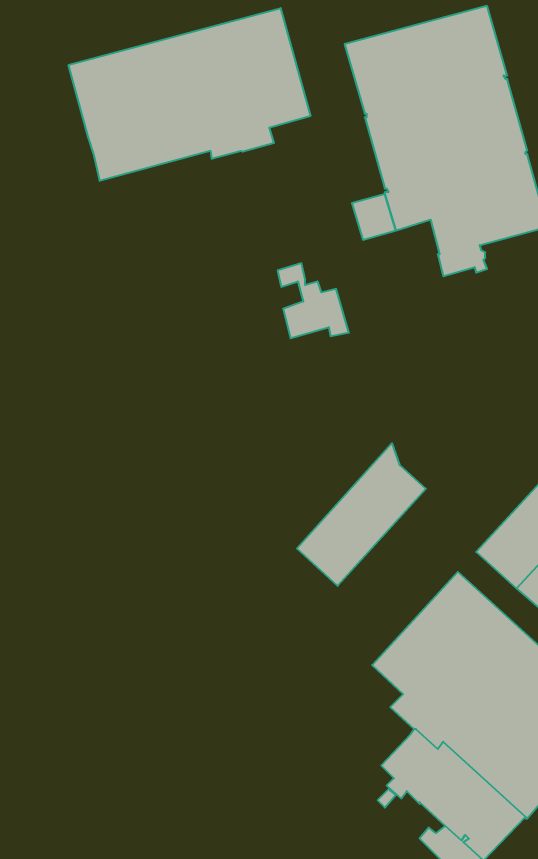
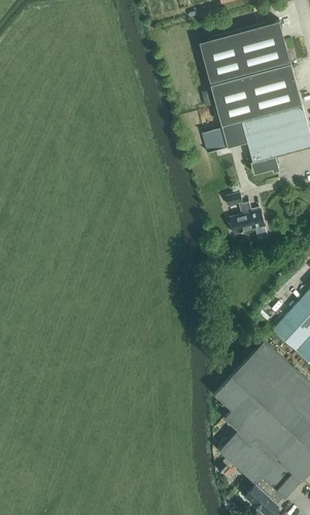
building: [69,8,310,181] -> none
building: [278,263,349,338] -> [227,193,267,235]
building: [297,443,426,586] -> none

